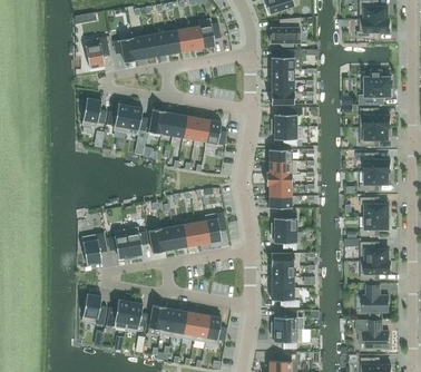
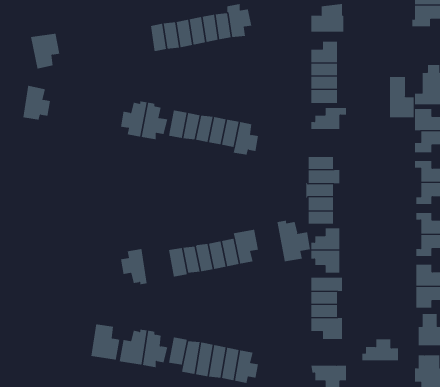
building: [112,32,137,63] -> none
building: [84,38,109,69] -> [30,33,60,69]
building: none -> [389,76,414,118]
building: [81,98,106,128] -> [22,85,51,120]
building: [271,127,302,147] -> none
building: none -> [277,220,311,262]
building: [126,227,148,260] -> none
building: [81,234,107,265] -> none
building: [271,311,303,330] -> [361,339,399,361]

